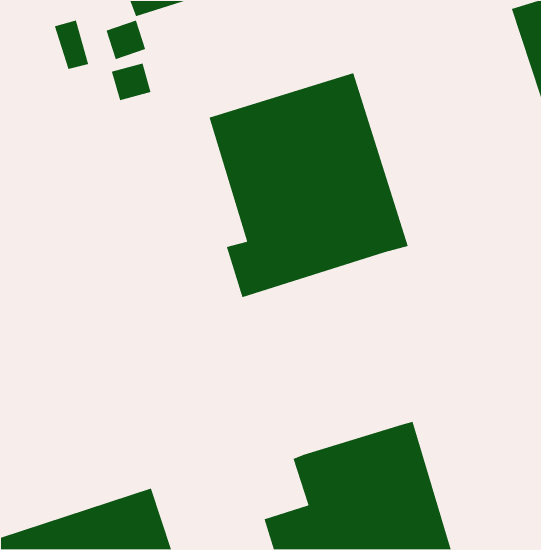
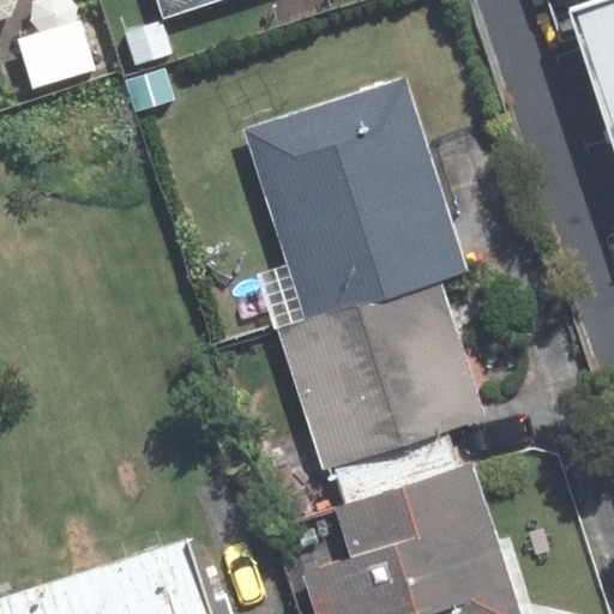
building: none -> [279,282,481,506]

